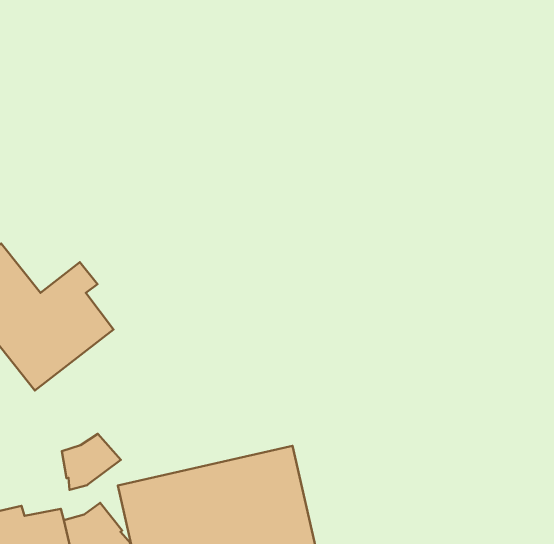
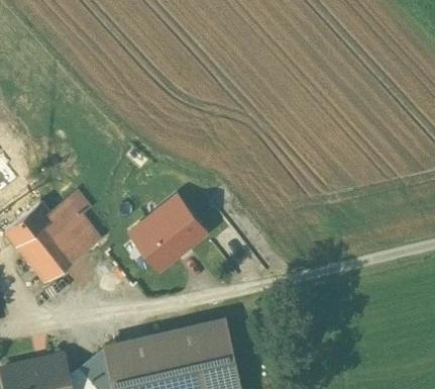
building: none -> [131,198,203,267]
building: [62,434,121,490] -> none

